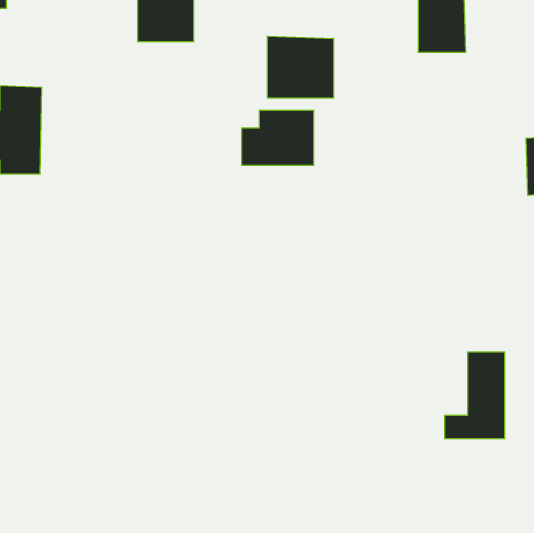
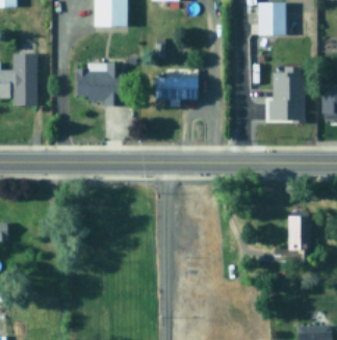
building: [268,36,334,98] -> none
building: none -> [77,63,122,103]
building: none -> [271,66,306,120]

